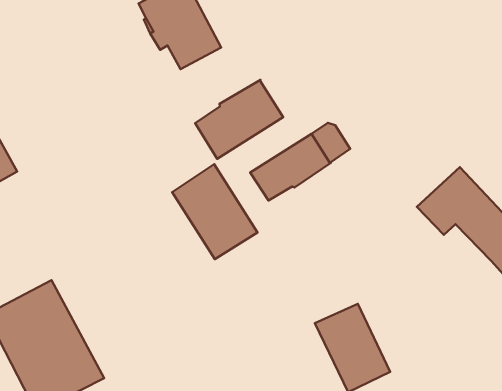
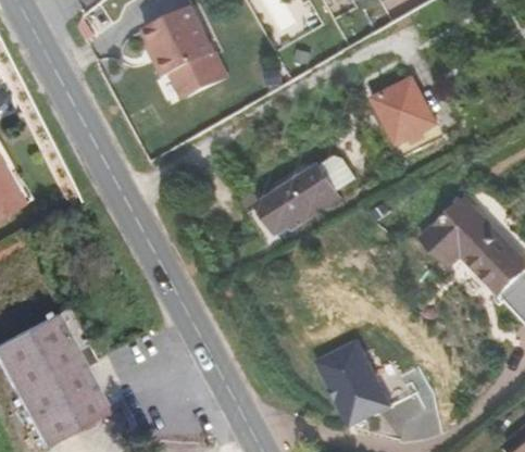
building: none -> [374,78,443,156]
building: [195,80,283,159] -> none
building: [172,164,257,259] -> none

